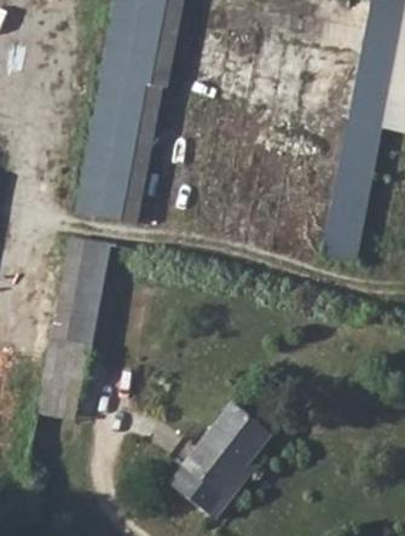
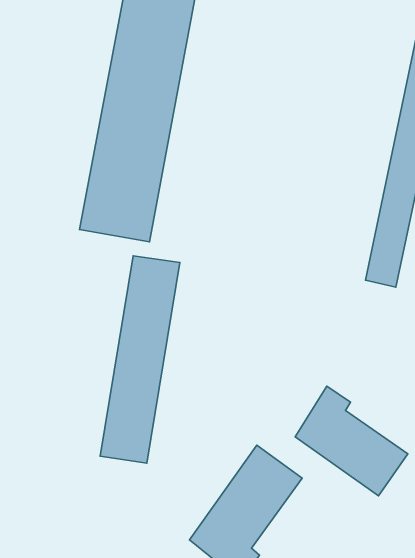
building: [37,235,108,417] -> [100,256,180,463]
building: none -> [295,386,408,496]

